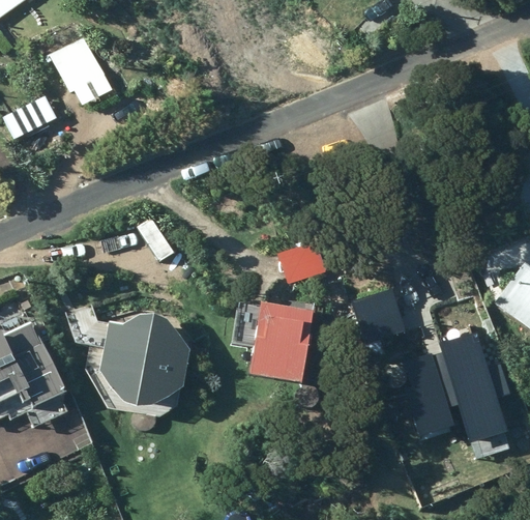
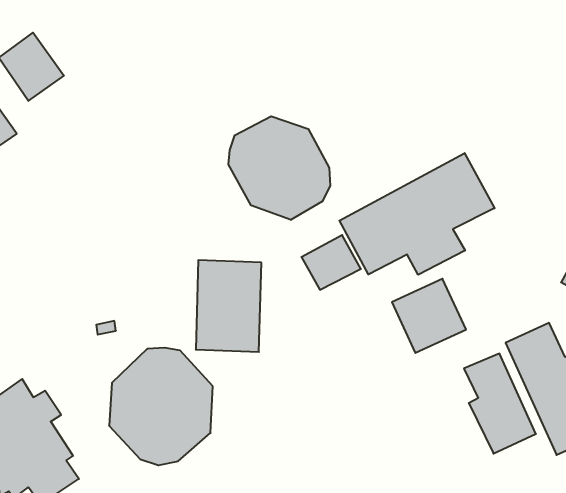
building: none -> [229,116,330,220]
building: none -> [339,153,495,275]
building: [249,301,314,384] -> [196,260,261,352]

